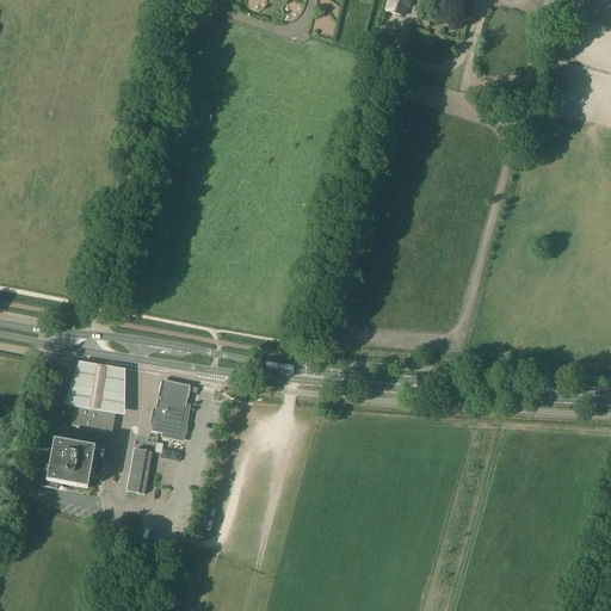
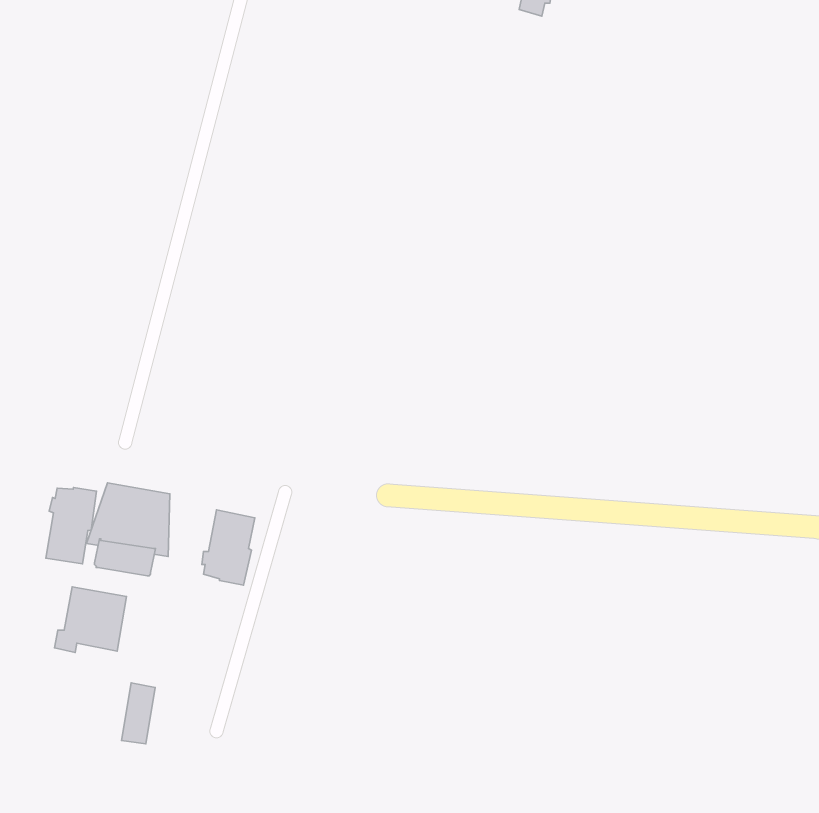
building: none -> [46,487,97,564]
building: [126,445,152,490] -> [122,683,155,744]

